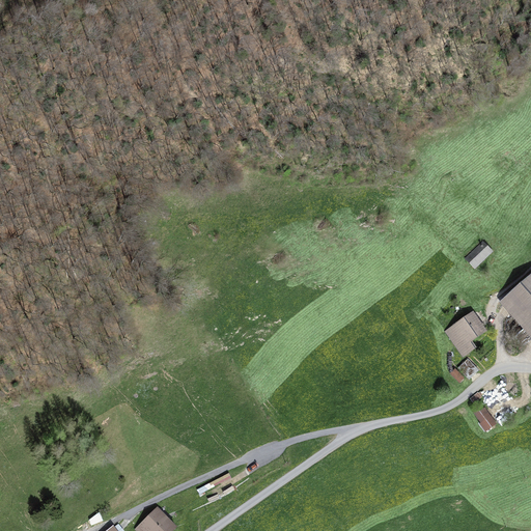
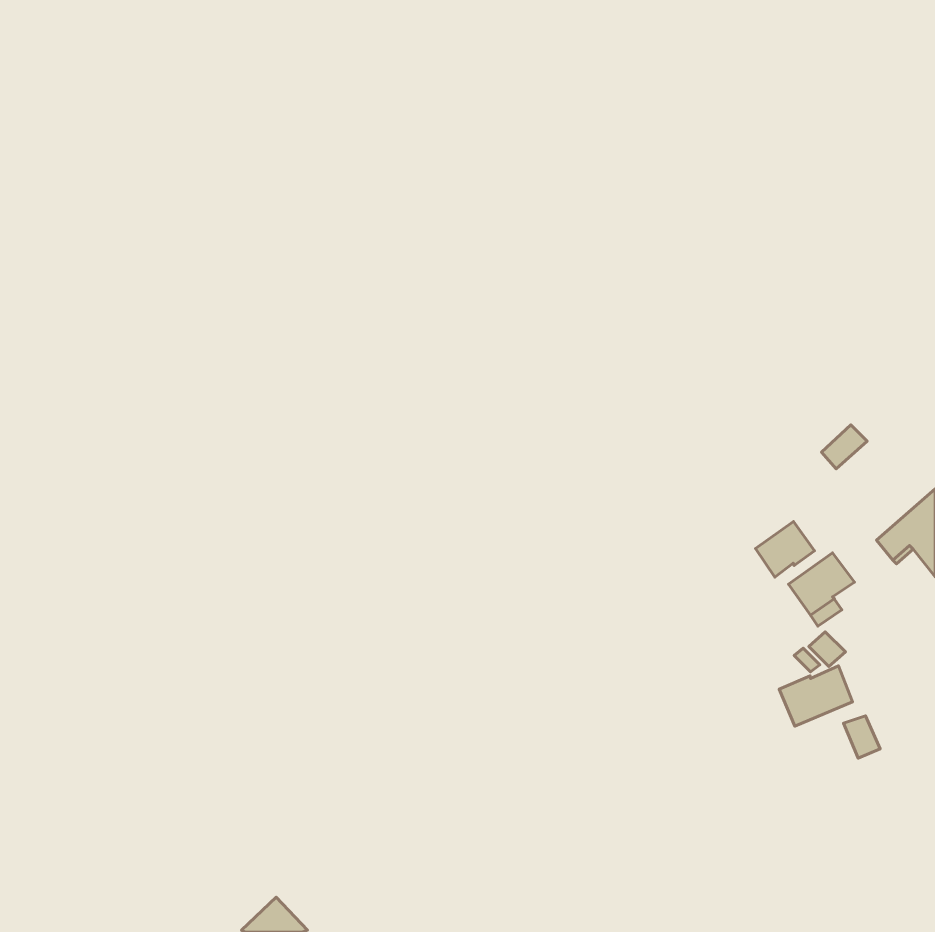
building: none -> [756,521,814,577]
building: none -> [779,666,852,726]

